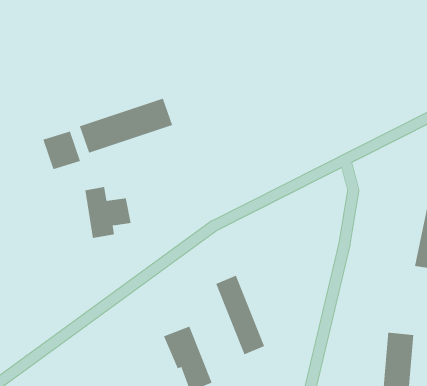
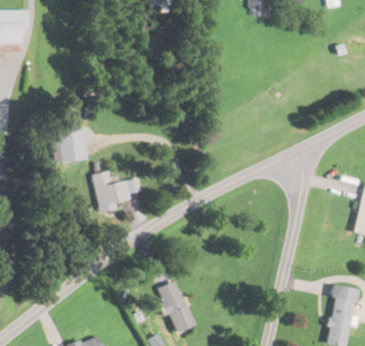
building: [79,98,173,153] -> none
building: [215,275,265,355] -> none

